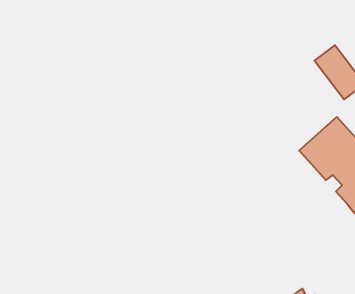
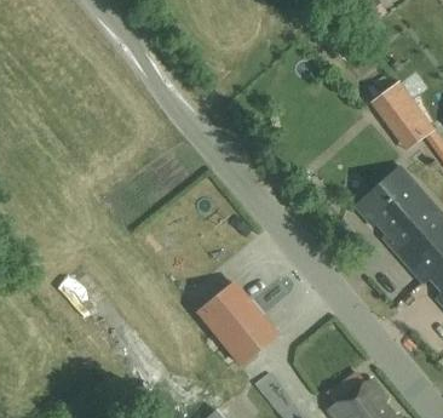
building: none -> [199,284,277,365]

